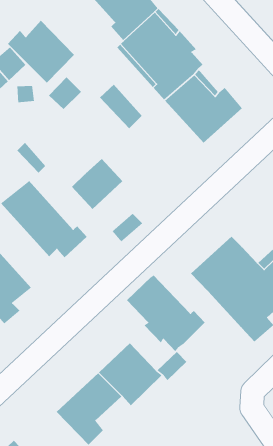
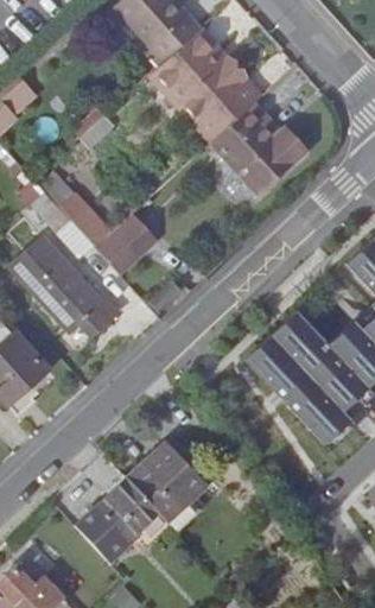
building: [7,20,75,84] -> none
building: [99,84,142,129] -> [61,192,114,248]
building: [126,275,205,352] -> none

